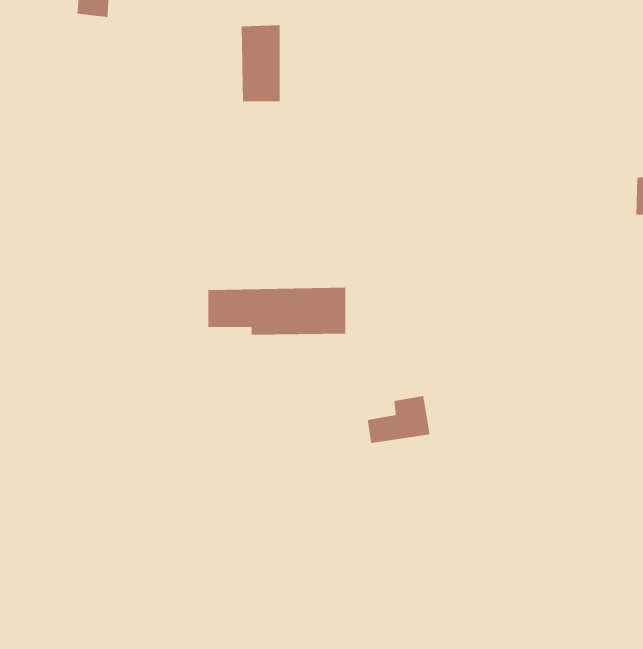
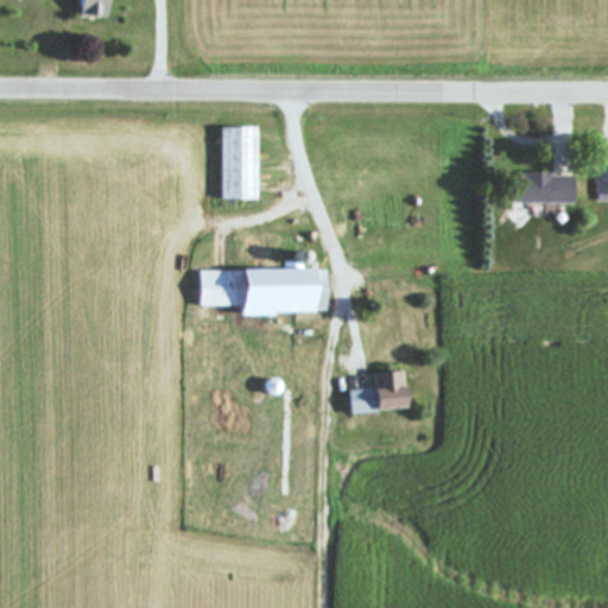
building: [241,25,280,102] -> [222,126,259,198]
building: none -> [515,172,575,203]

